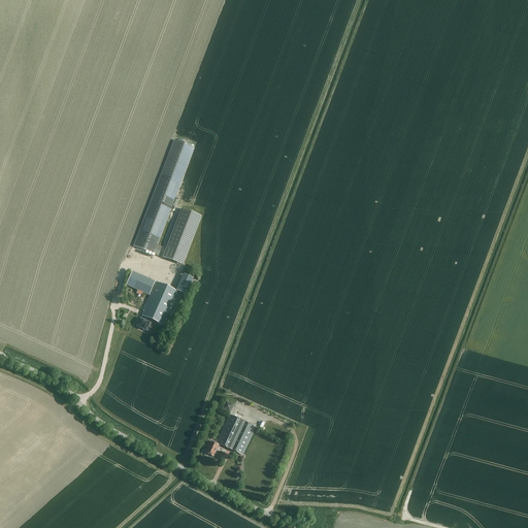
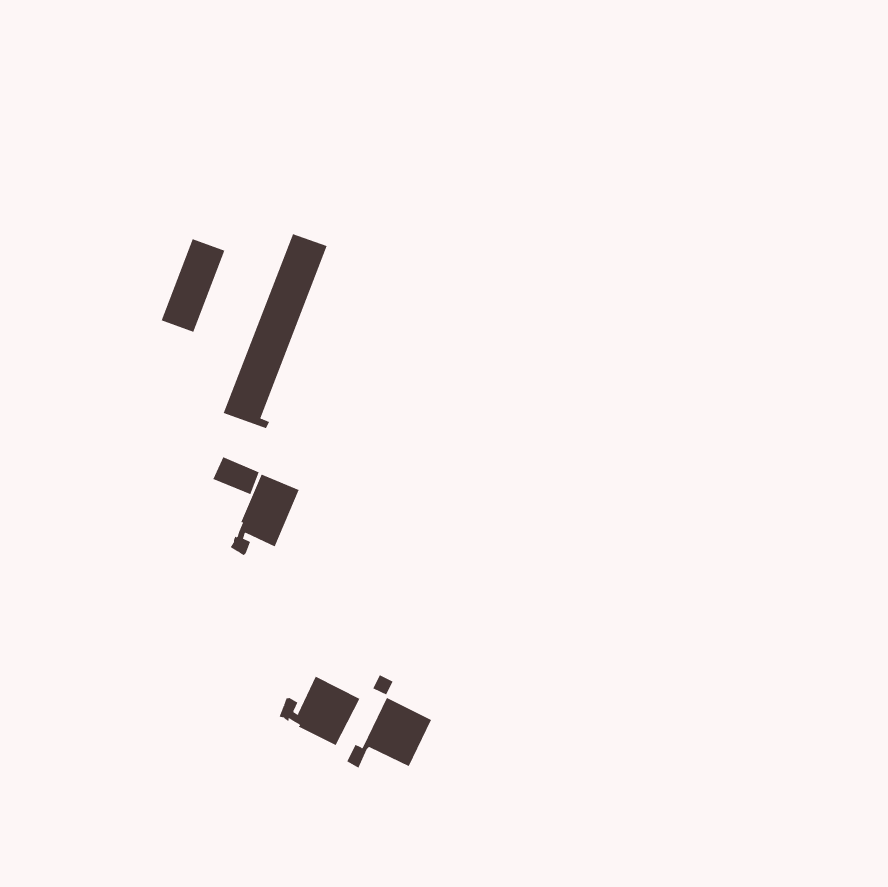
building: [162,207,200,263] -> [161,238,225,333]
building: none -> [279,676,360,746]

